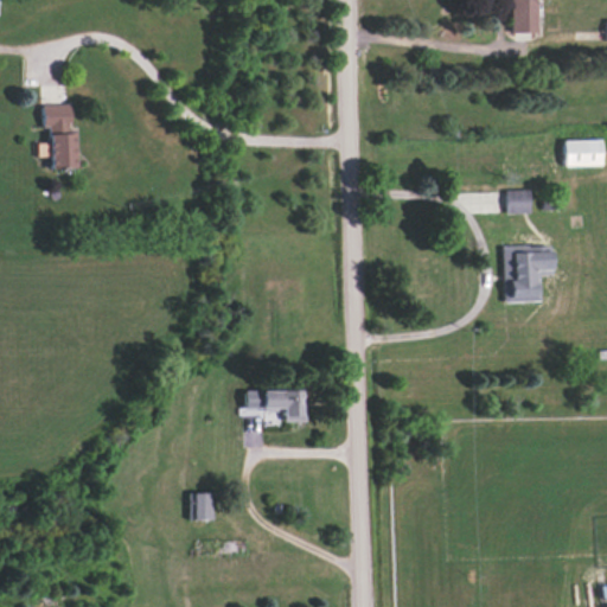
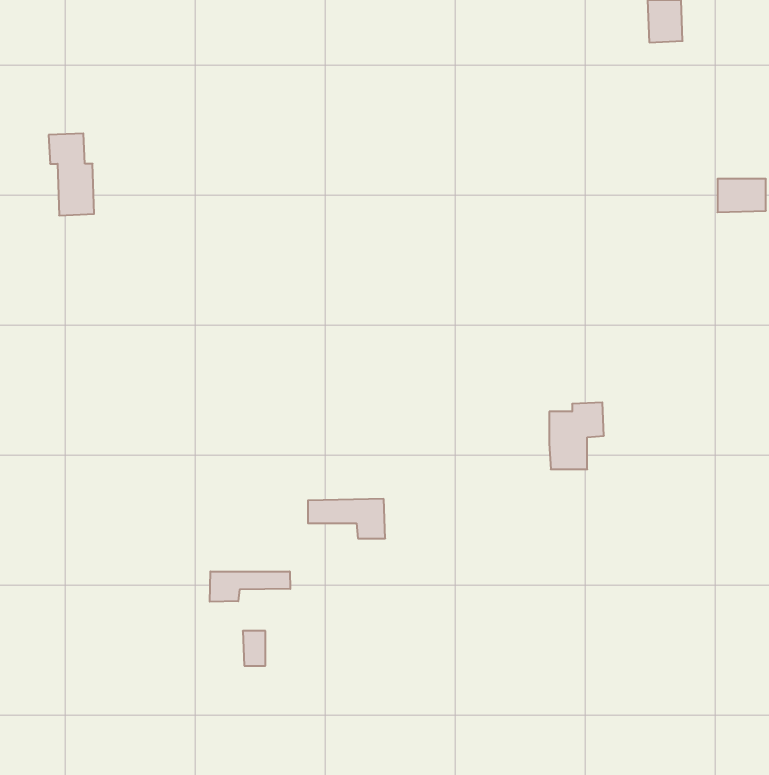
building: [506,190,531,213] -> none
building: [510,245,552,298] -> [549,402,604,469]
building: none -> [210,571,290,602]

